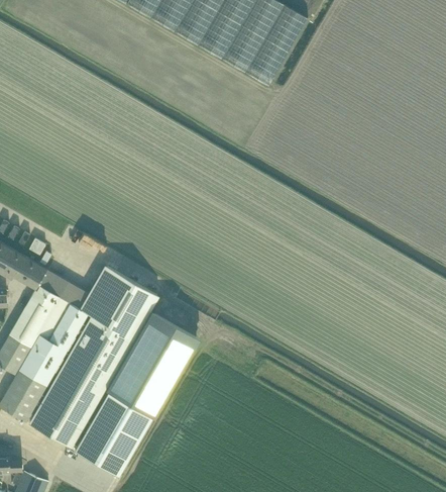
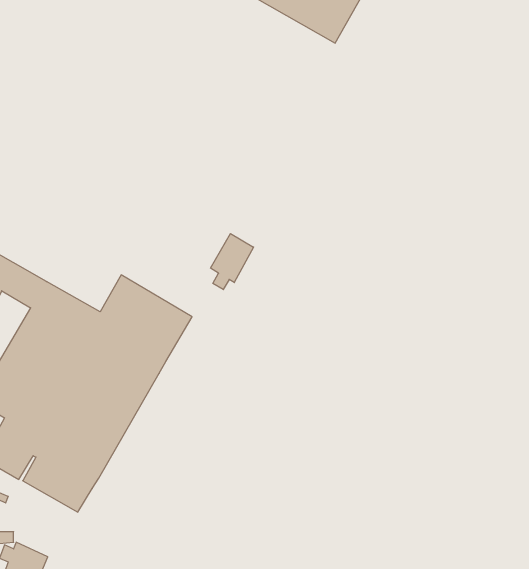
building: none -> [211,234,254,290]
building: [77,315,198,475] -> none

